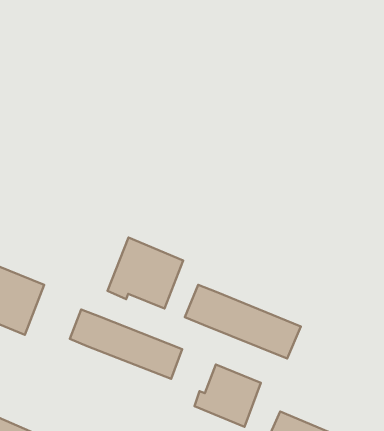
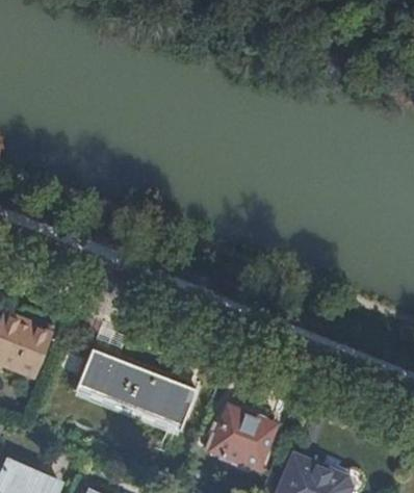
building: [108,237,183,308] -> none
building: [185,285,301,359] -> none

